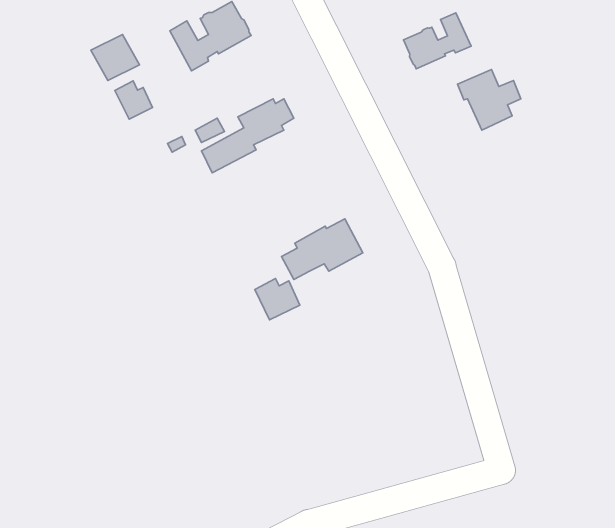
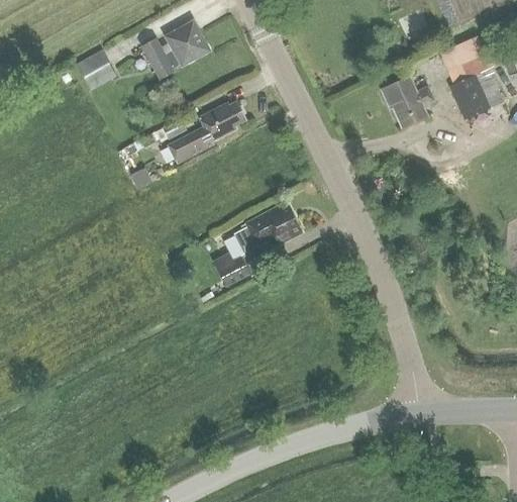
building: [404,13,471,69] -> none
building: none -> [448,70,504,119]
building: [115,81,153,119] -> none

